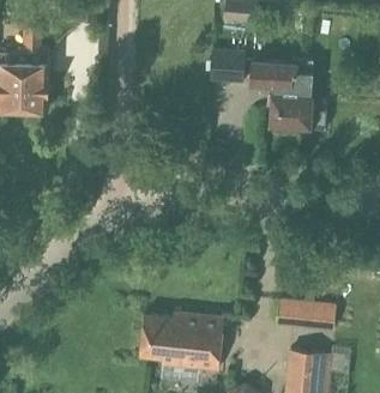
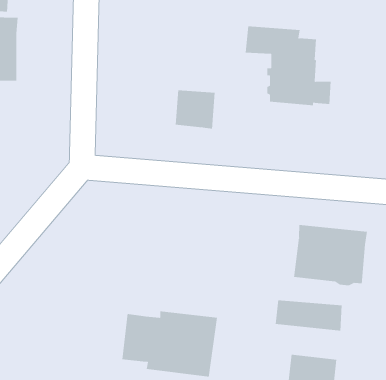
building: [211,49,247,84] -> [175,90,216,129]
building: none -> [293,224,367,286]

